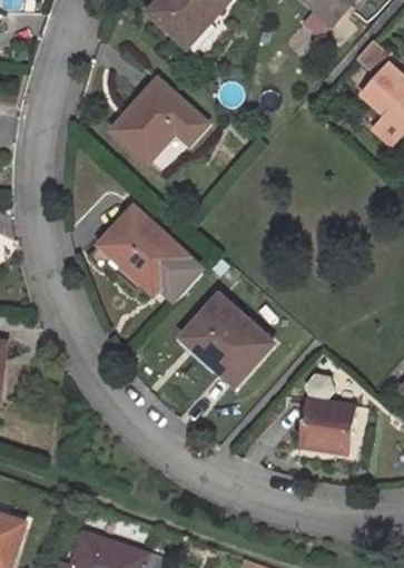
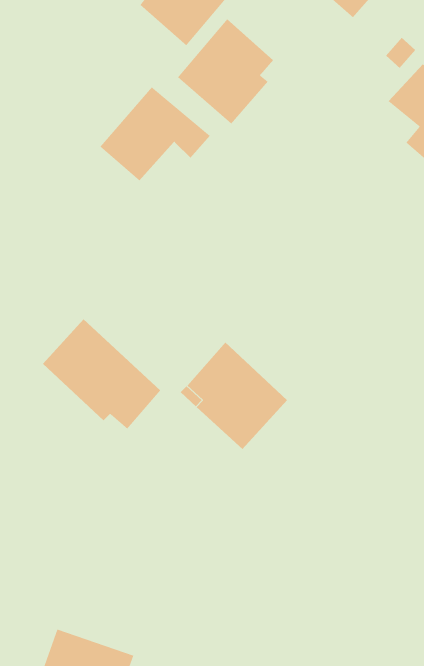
building: none -> [177,18,274,125]
building: [97,207,196,300] -> [42,318,161,429]
building: [299,399,356,452] -> none

